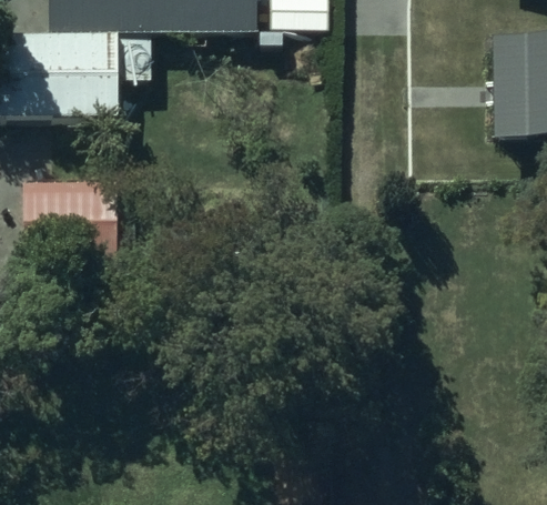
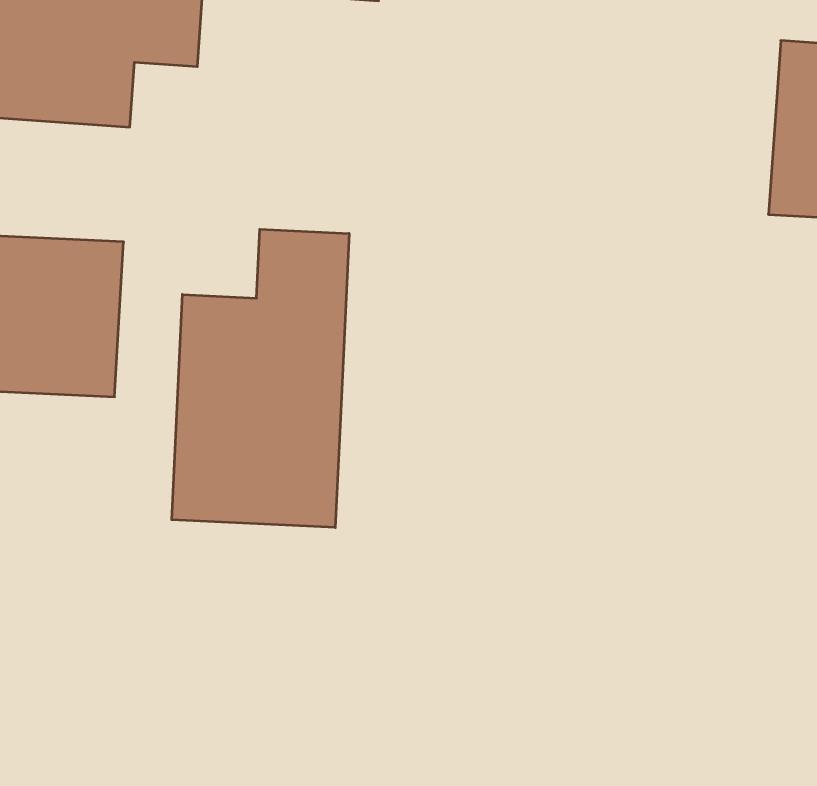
building: none -> [172,229,349,528]

